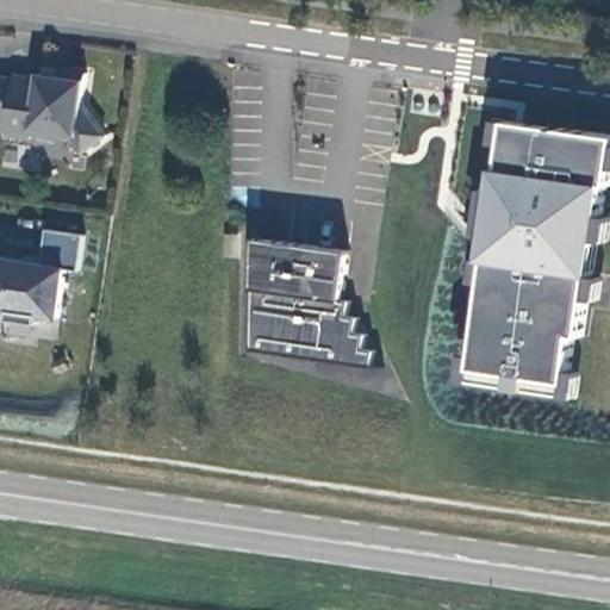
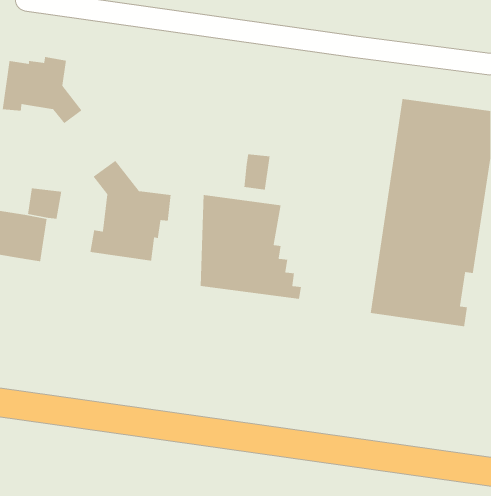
building: none -> [243,154,270,191]
building: none -> [89,160,171,261]

